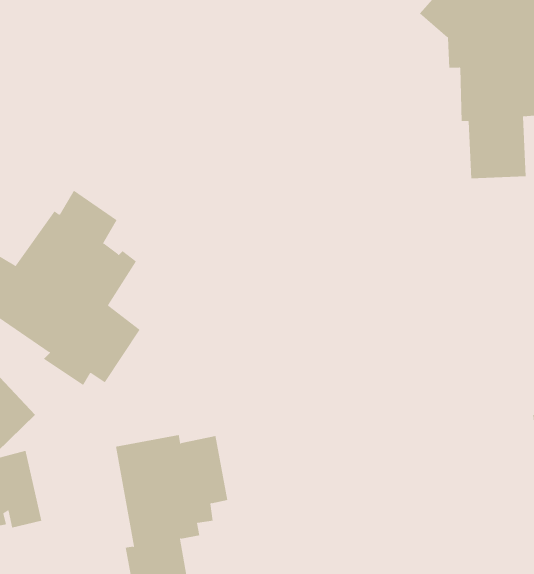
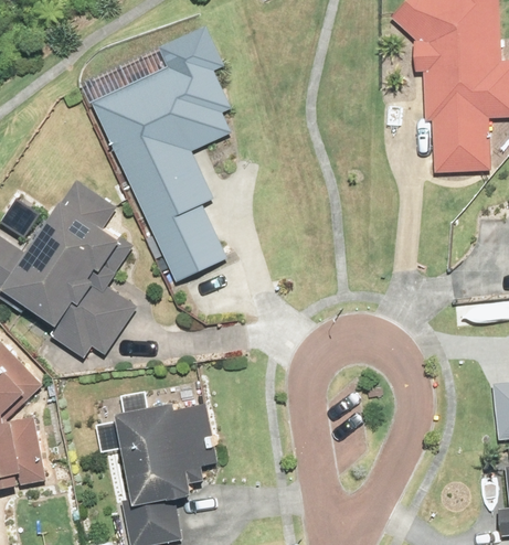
building: none -> [92,28,231,284]

